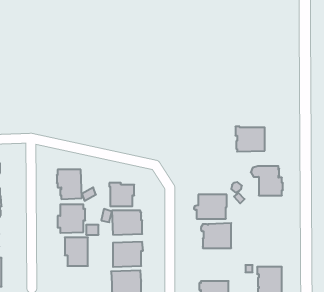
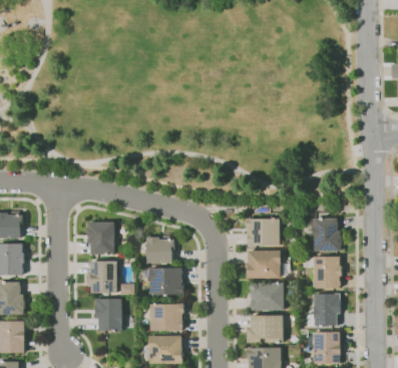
building: [235,127,265,152] -> [247,218,280,246]
building: none -> [303,256,342,288]
building: none -> [314,293,343,326]
building: none -> [247,315,284,343]

